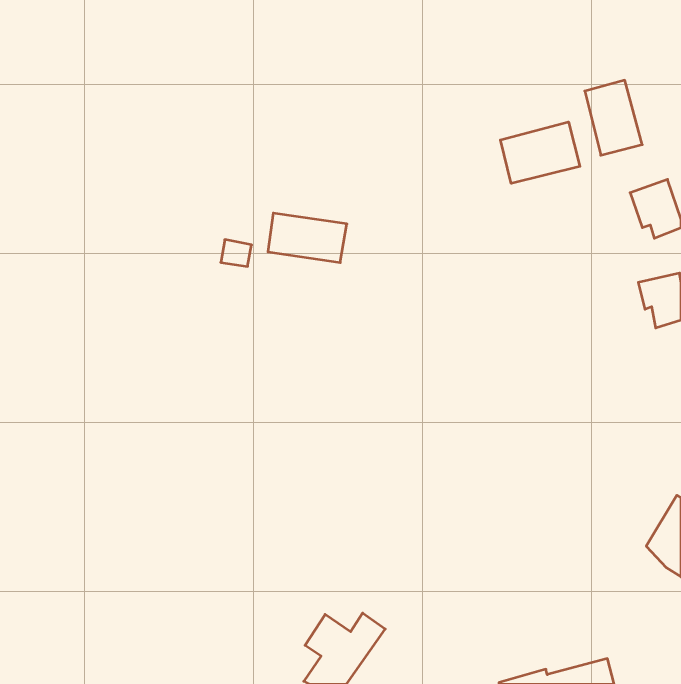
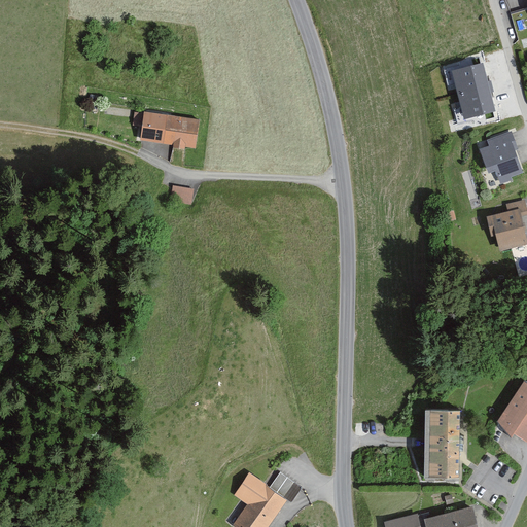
building: [500,122,580,183] -> none
building: [268,213,347,263] -> [143,110,204,148]
building: none -> [424,413,458,480]

